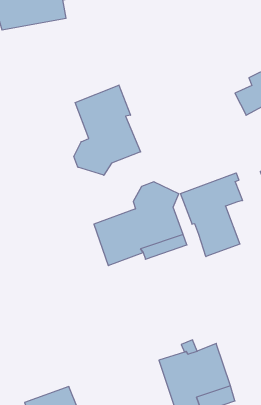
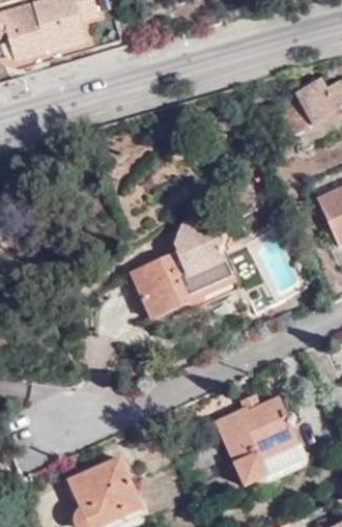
building: [74,85,141,175] -> none
building: [181,173,242,257] -> none

